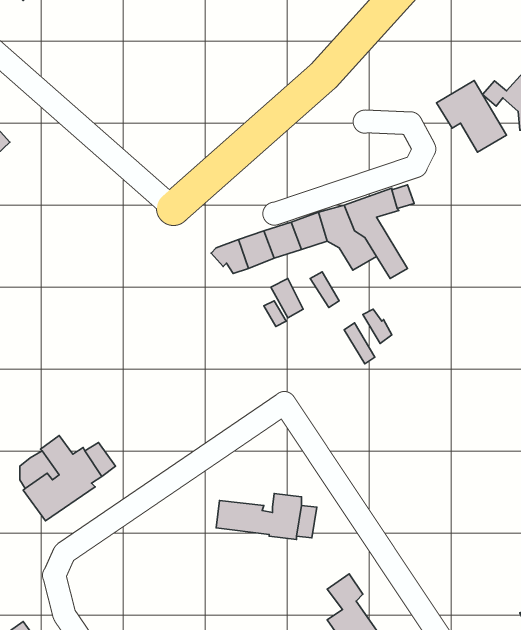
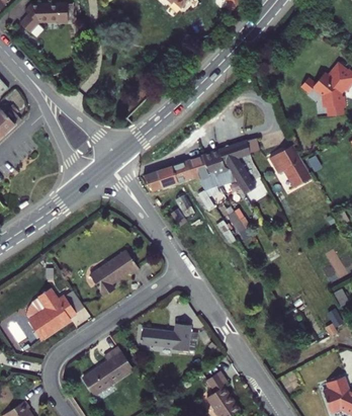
building: [437,80,507,152] -> [271,146,313,188]
building: none -> [88,250,137,296]
building: none -> [82,347,134,396]

